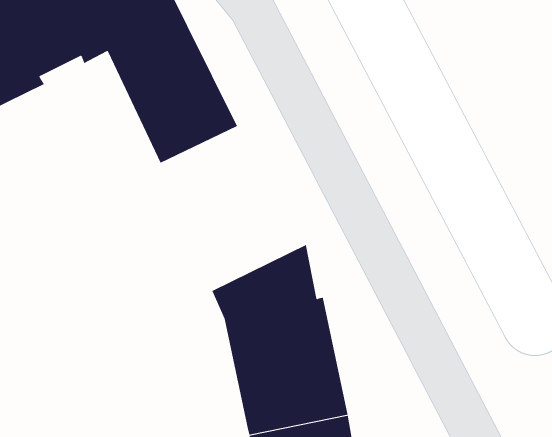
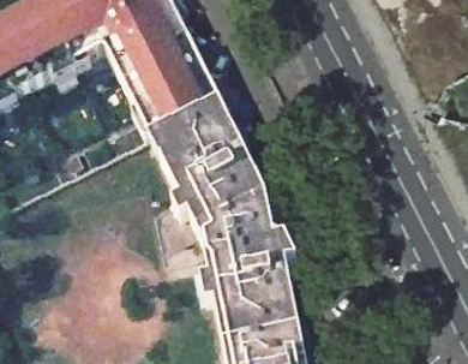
building: none -> [151,102,269,262]

